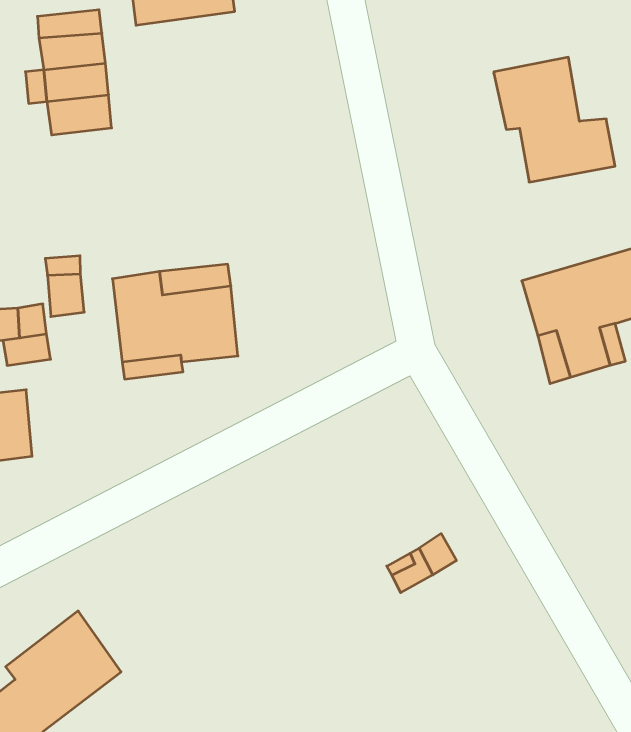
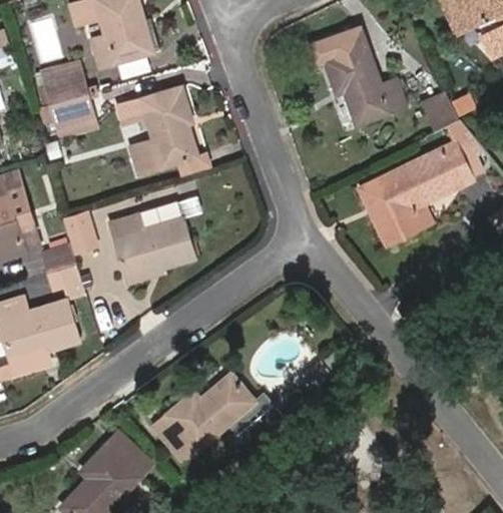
building: none -> [307,25,367,63]
building: none -> [119,86,195,174]
building: none -> [153,372,282,459]

